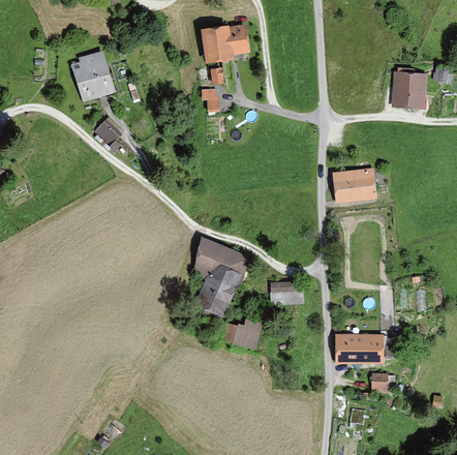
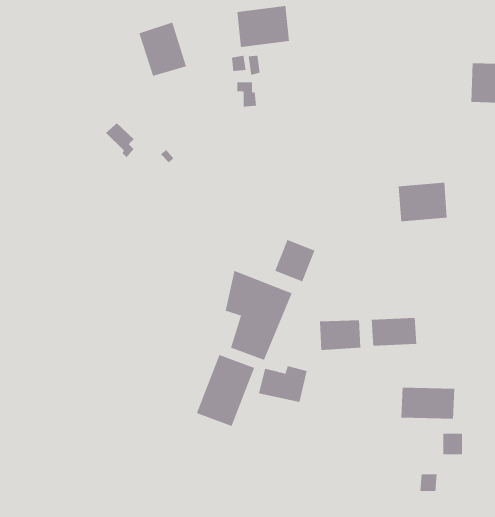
building: [71,56,111,100] -> [139,22,187,77]
building: none -> [275,239,315,282]
building: none -> [371,317,417,346]
building: none -> [196,354,255,427]

